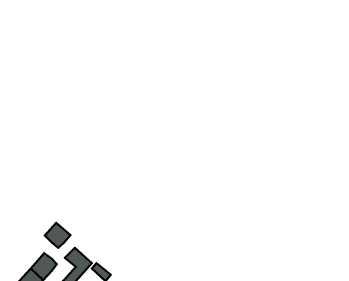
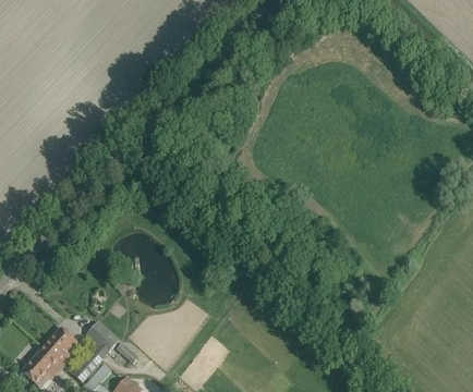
building: [45,223,70,248] -> none

